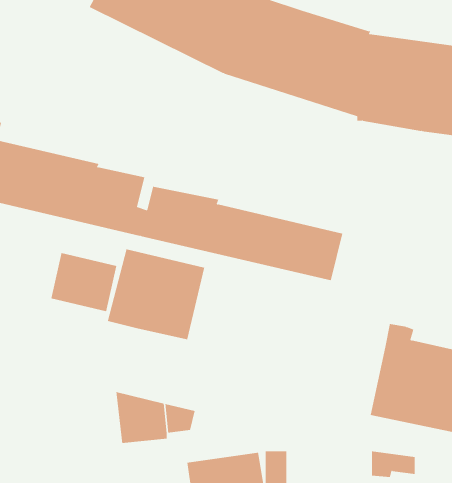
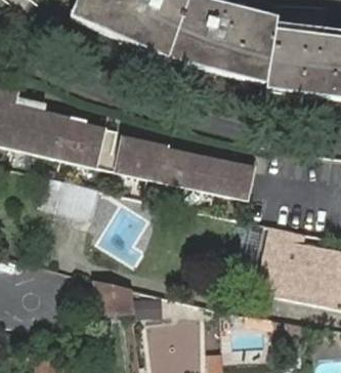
building: [107,248,205,340] -> none
building: none -> [252,225,286,293]

